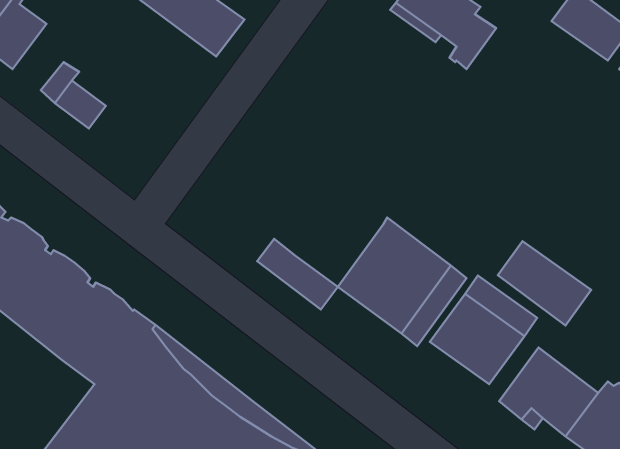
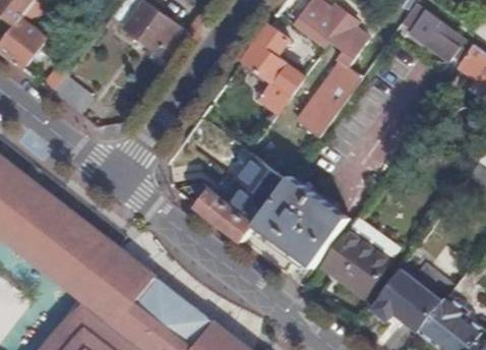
building: none -> [243,24,304,111]
building: none -> [298,62,362,136]
building: none -> [225,159,288,225]
building: [498,241,591,326] -> none

